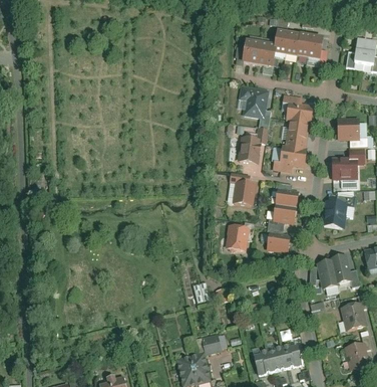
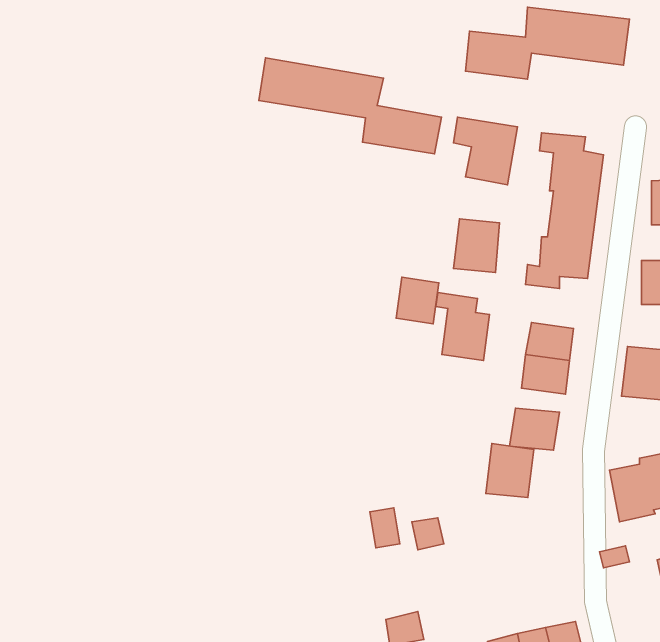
building: none -> [259,58,442,154]
building: none -> [396,277,439,324]
building: [225,225,249,252] -> [486,444,534,497]

